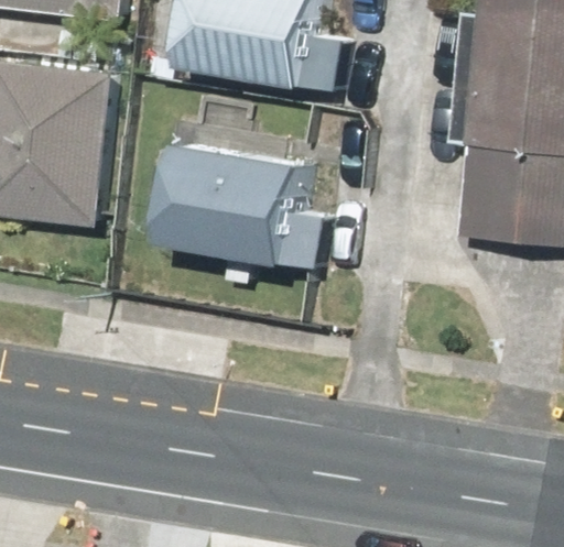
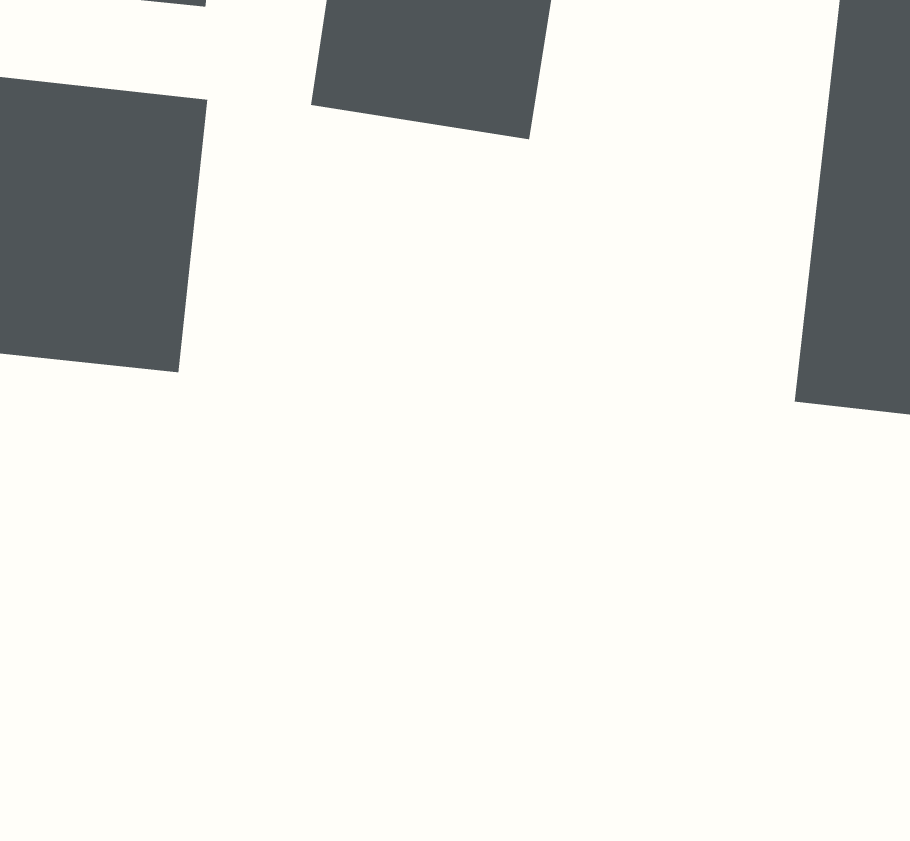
building: [165,146,304,267] -> none

